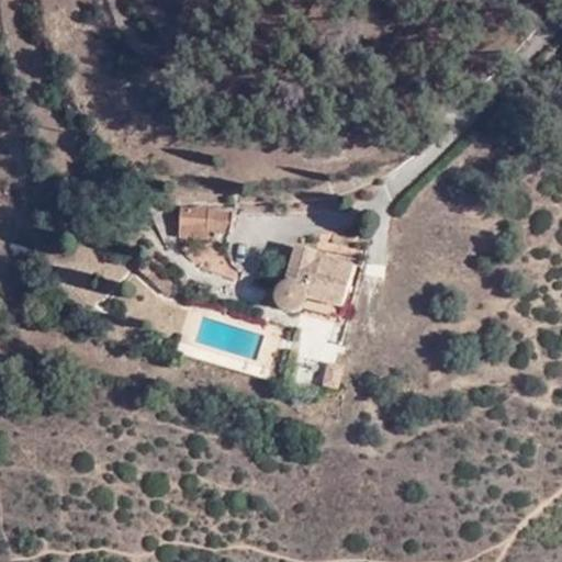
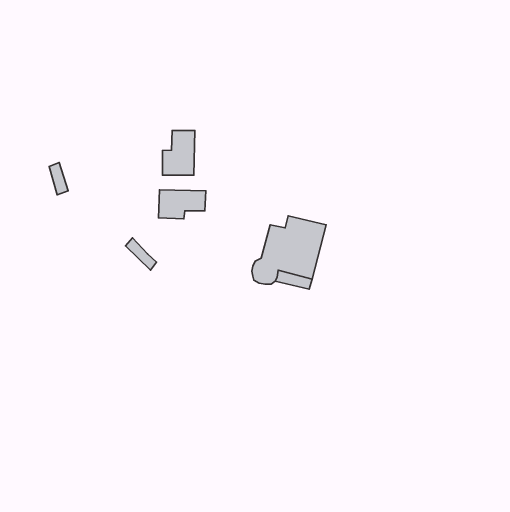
building: none -> [162,131,195,175]

